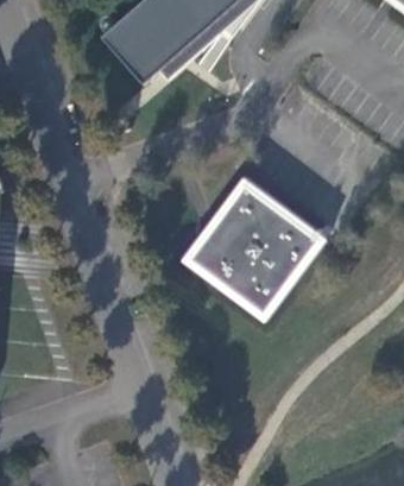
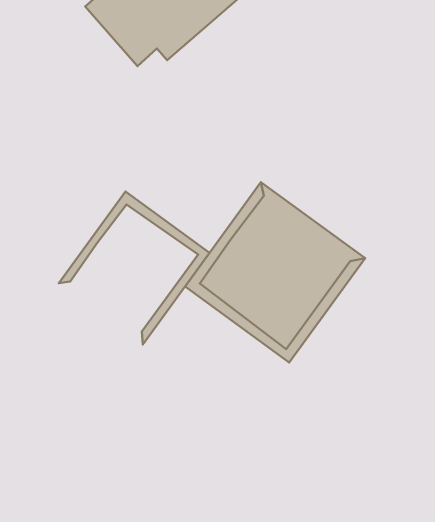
building: none -> [59,192,210,344]

